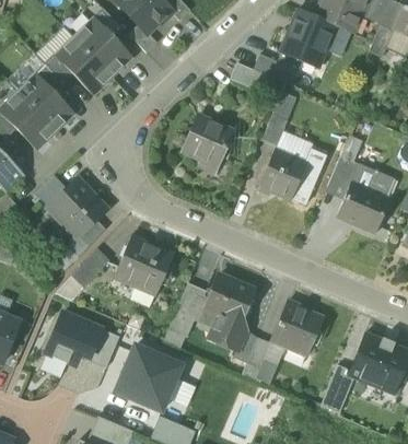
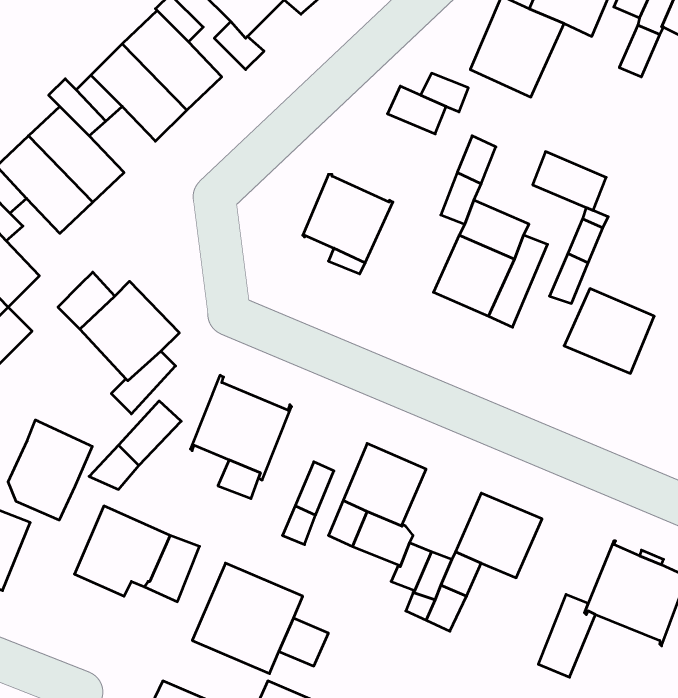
building: [351,163,395,198] -> [533,152,606,211]
building: none -> [8,420,92,520]

